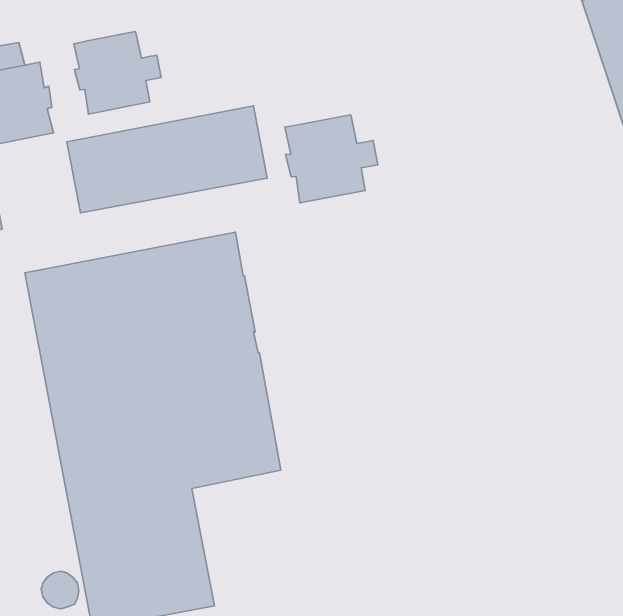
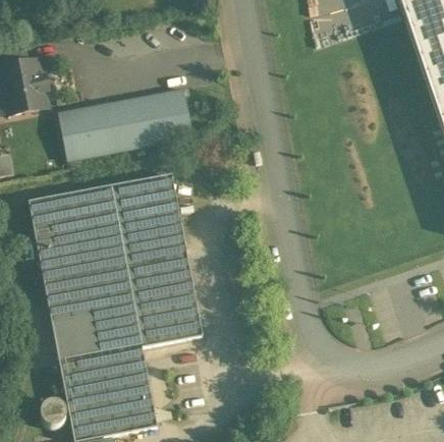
building: [74,31,161,114] -> none
building: [285,115,378,203] -> none

